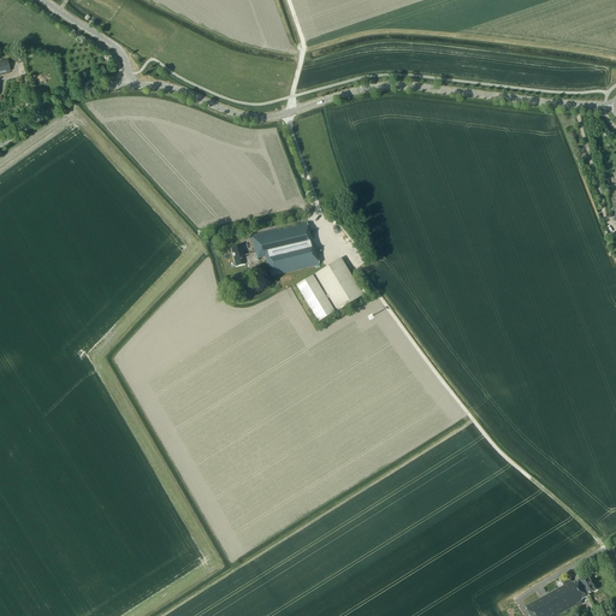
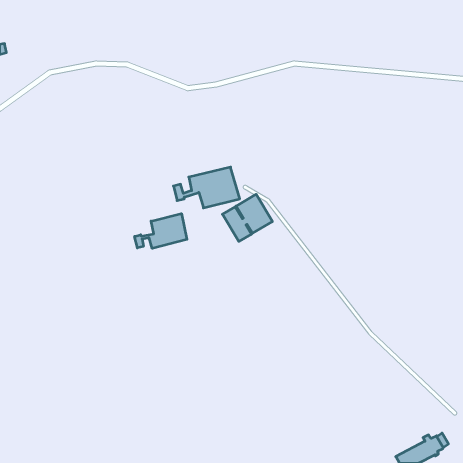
building: none -> [135,214,187,248]

